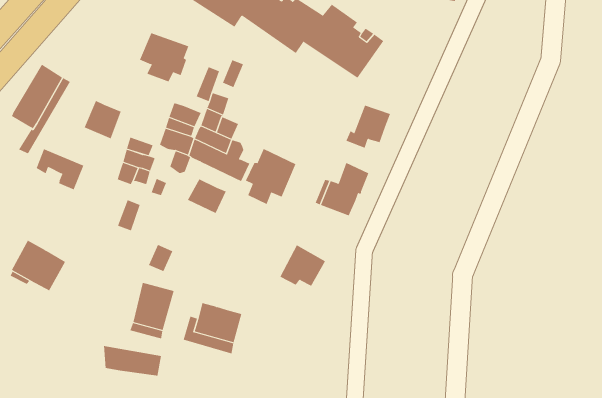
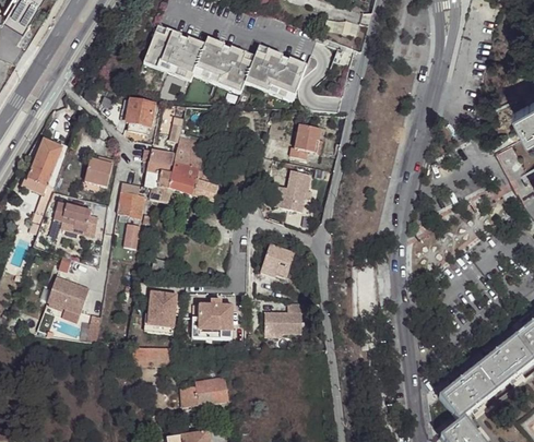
building: [245,148,296,205] -> none
building: [187,179,227,214] -> none
building: none -> [260,299,301,331]

